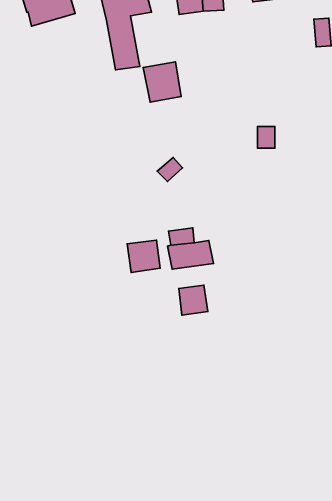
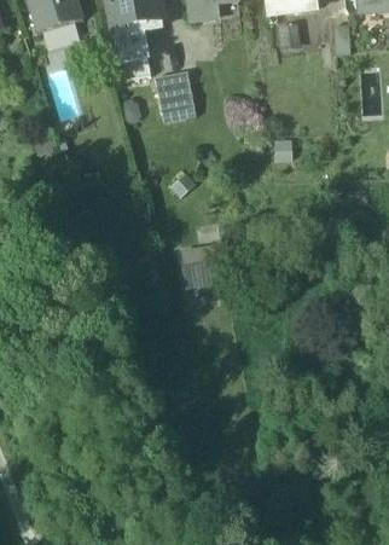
building: [127,240,160,273] -> none
building: [179,285,208,315] -> none

